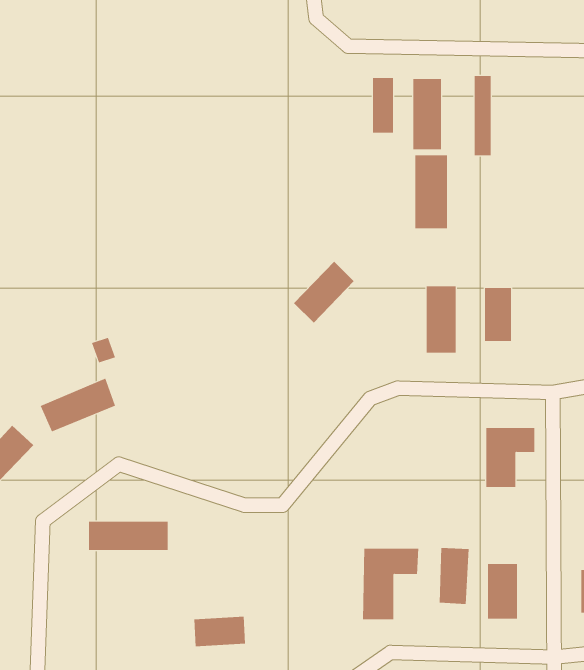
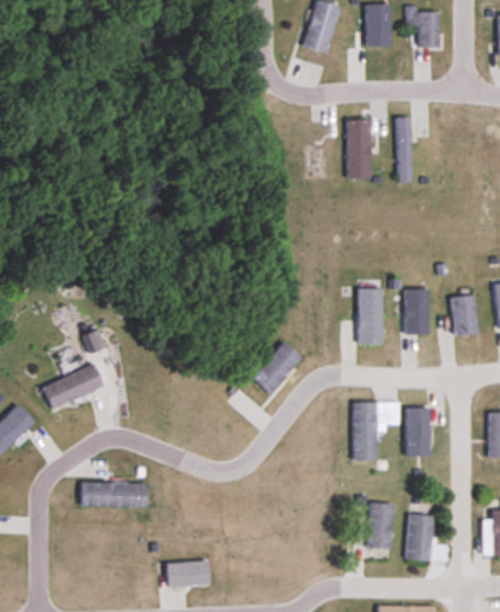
building: [372,77,393,133] -> none
building: [415,155,447,229] -> none
building: [293,261,355,324] -> [252,342,303,393]
building: none -> [452,296,476,336]
building: [362,548,419,620] -> [353,403,400,461]

